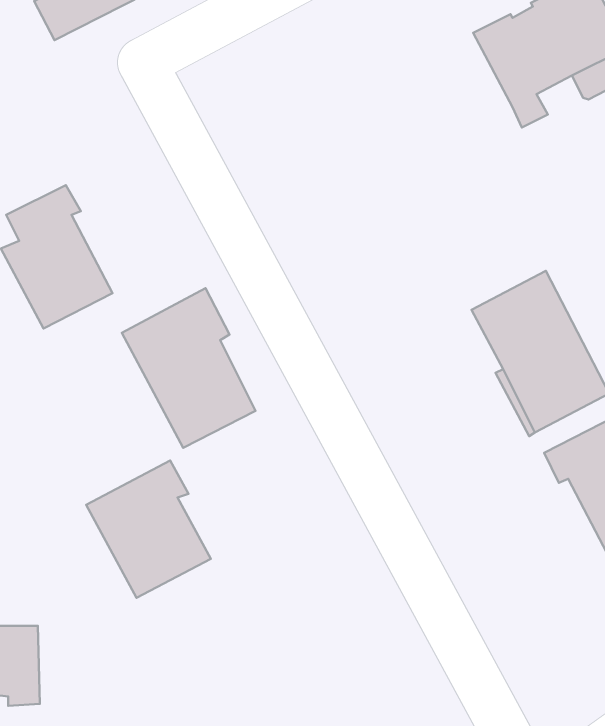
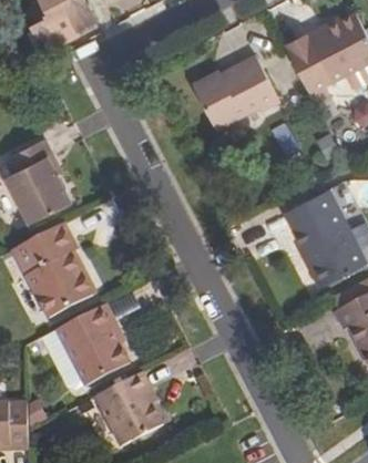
building: none -> [193,53,279,128]
building: [122,288,256,448] -> [12,222,92,317]
building: none -> [95,371,163,445]

